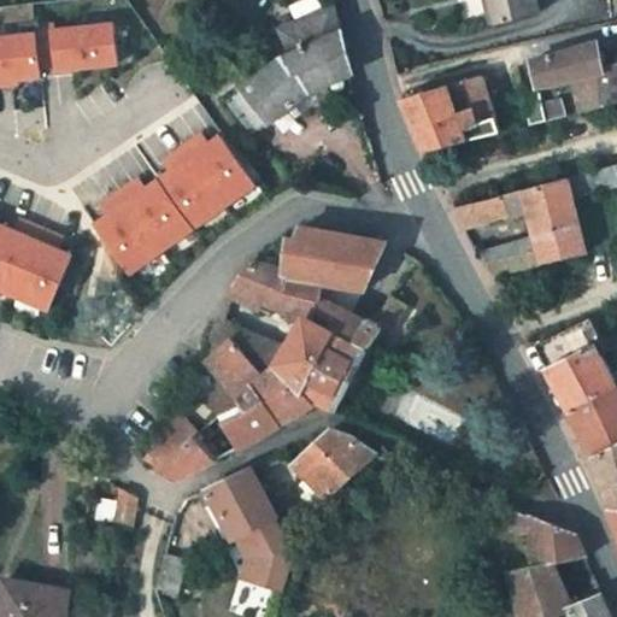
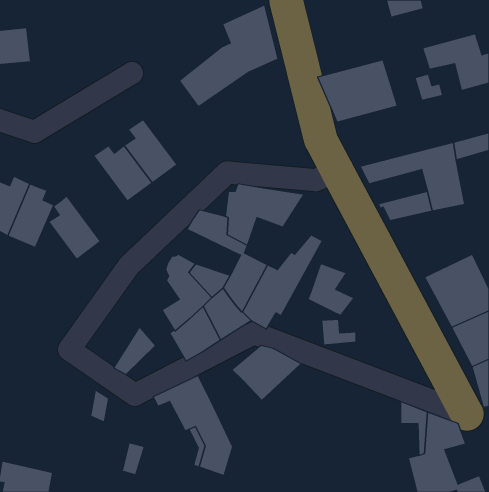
building: [33,25,116,71] -> none
building: [180,134,253,206] -> none
building: [94,195,159,275] -> [48,196,100,259]
building: [306,272,364,337] -> [308,264,354,315]
building: [158,433,218,480] -> none

